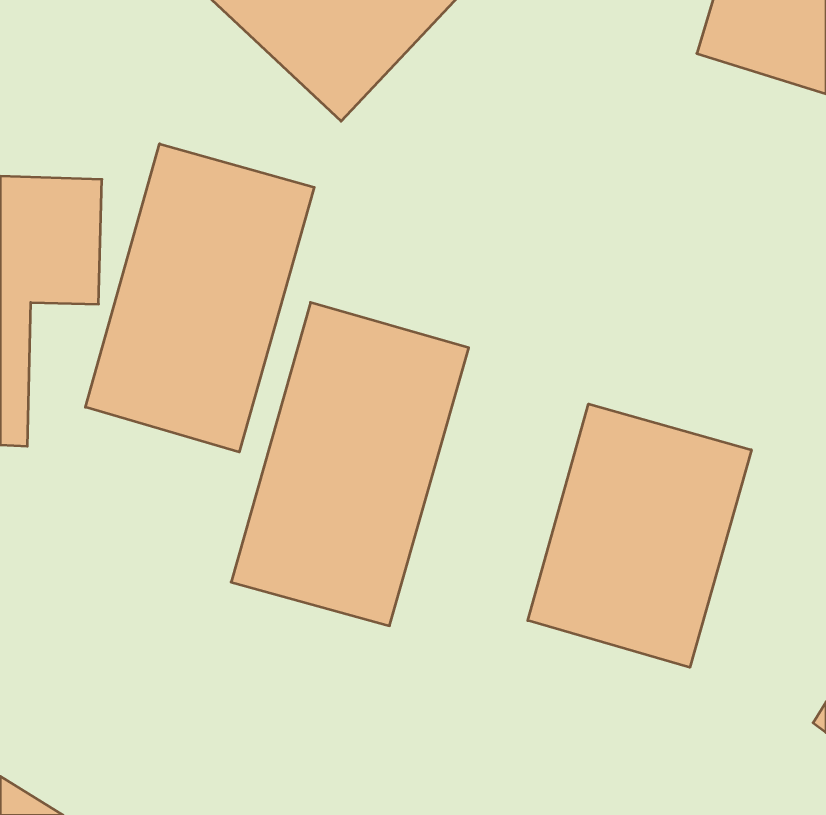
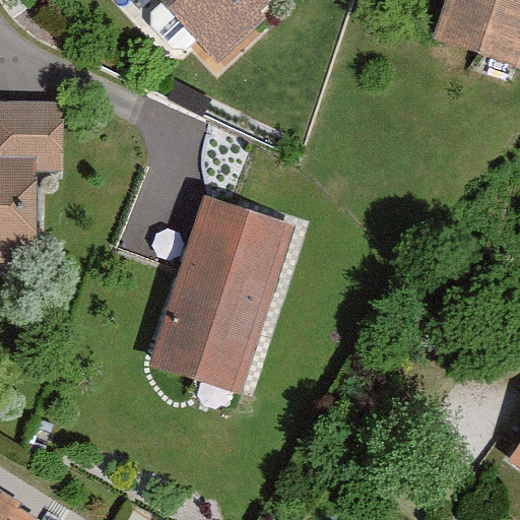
building: [85,144,314,452] -> none
building: [528,404,751,667] -> none

